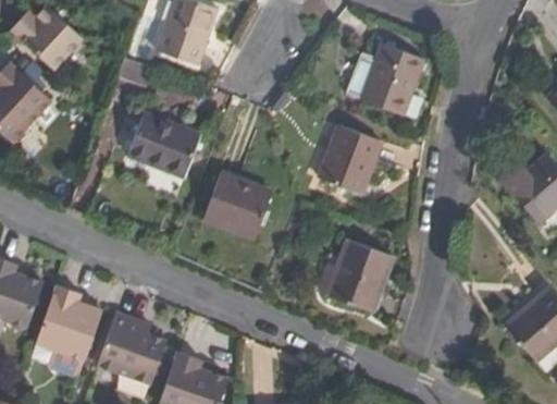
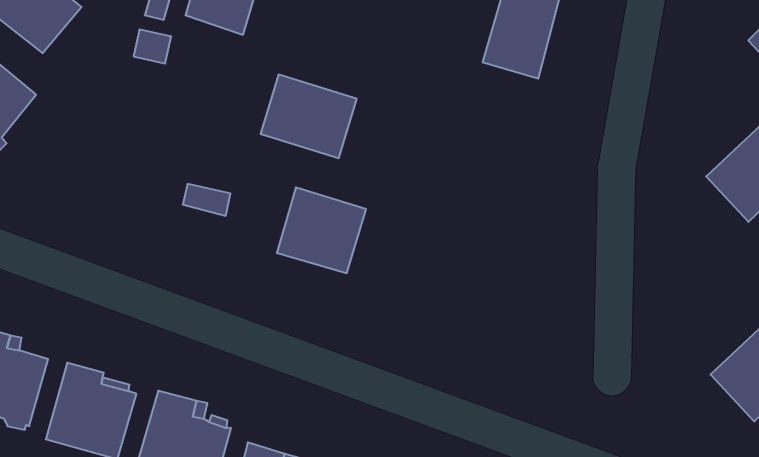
building: [127,113,196,174] -> [261,75,357,158]
building: [315,124,376,193] -> none
building: [325,243,387,314] -> none

